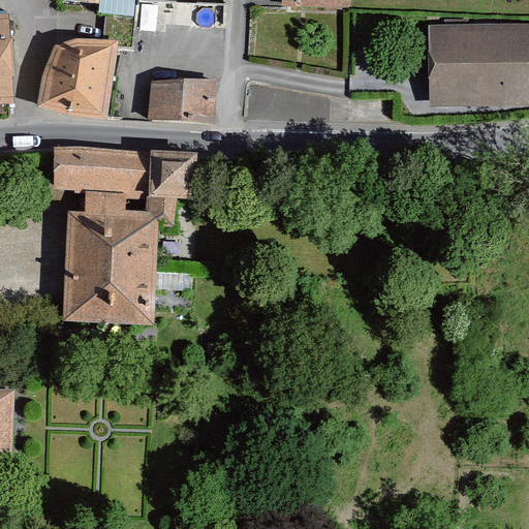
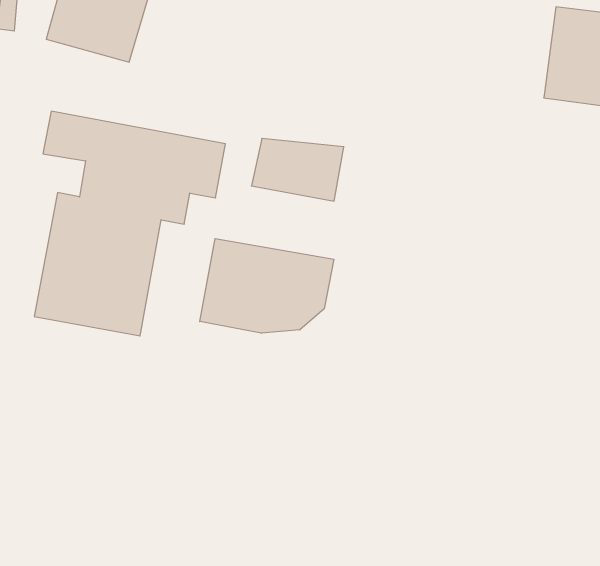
building: [149,74,217,118] -> [251,138,344,201]
building: none -> [200,239,334,333]

